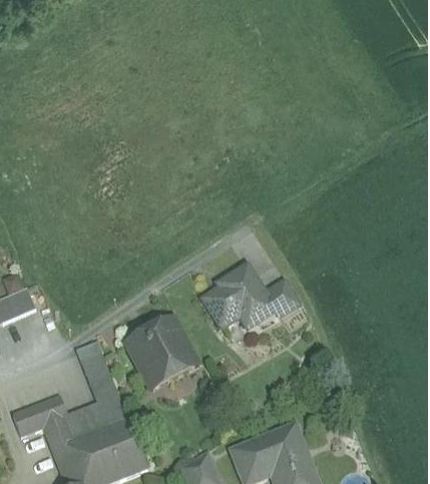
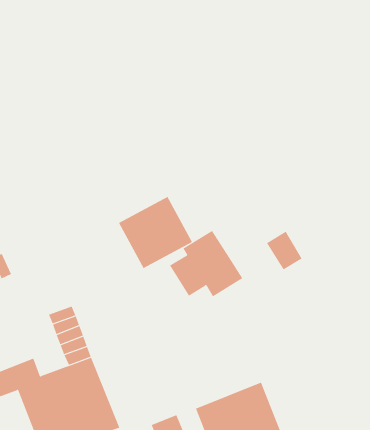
building: [264,277,302,318] -> [266,231,302,270]
building: [124,318,202,394] -> [118,196,193,269]

